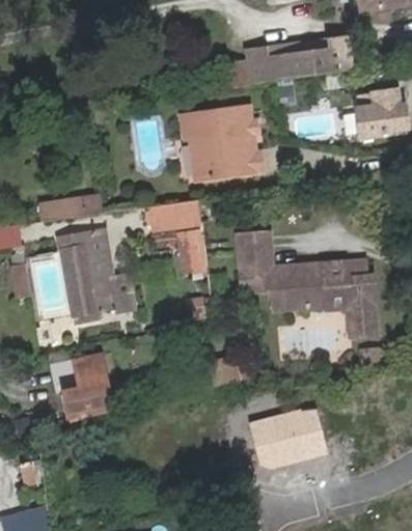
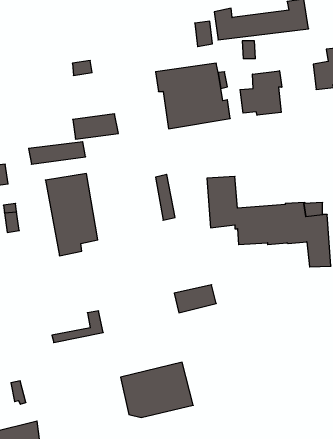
building: none -> [240,71,282,115]
building: [146,200,197,228] -> [73,114,118,139]
building: [61,354,108,410] -> none
building: [248,406,329,467] -> [121,362,193,417]

